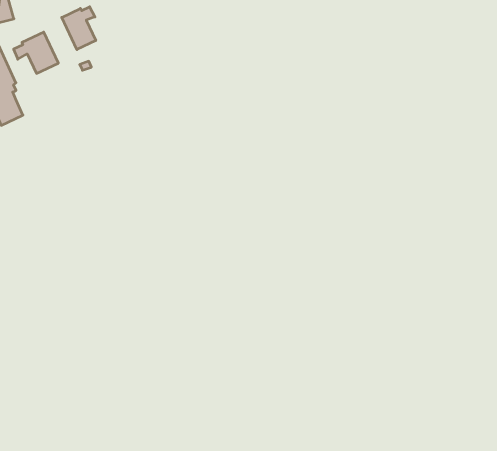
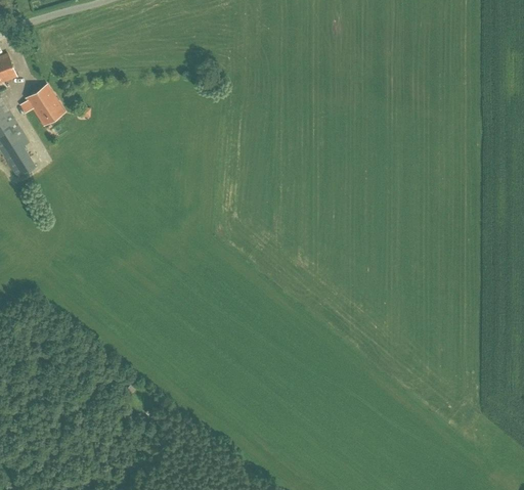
building: [62,7,96,50] -> none

